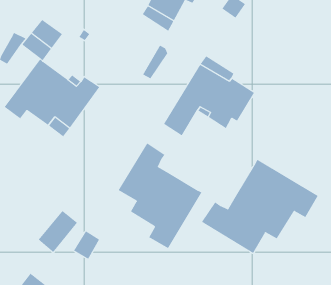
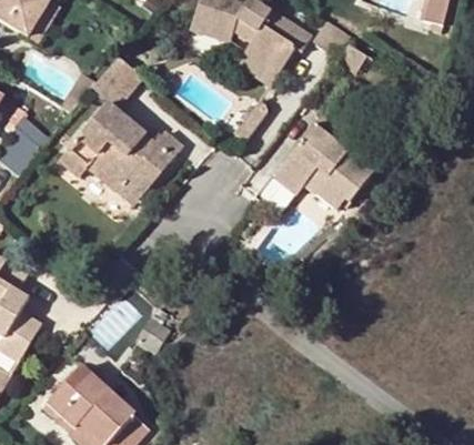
building: [118,143,202,249] -> none
building: [201,159,319,254] -> none

